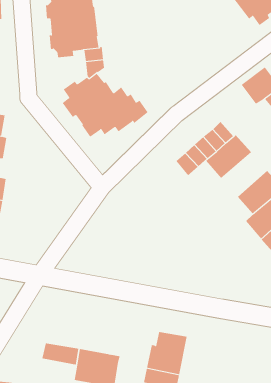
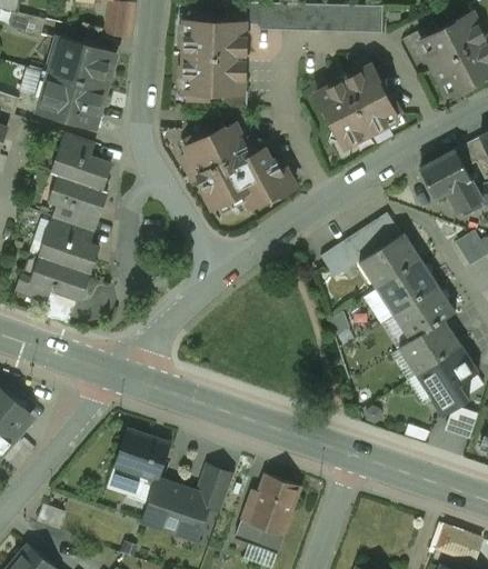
building: none -> [310,56,399,142]
building: none -> [376,259,438,315]
building: none -> [114,428,171,481]
building: none -> [197,465,233,512]

